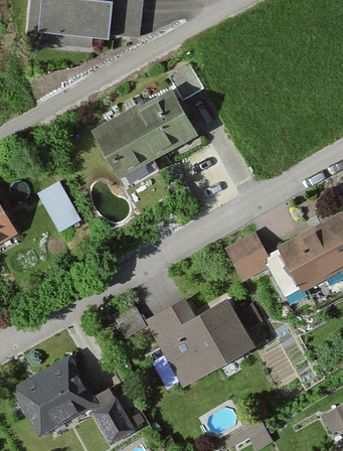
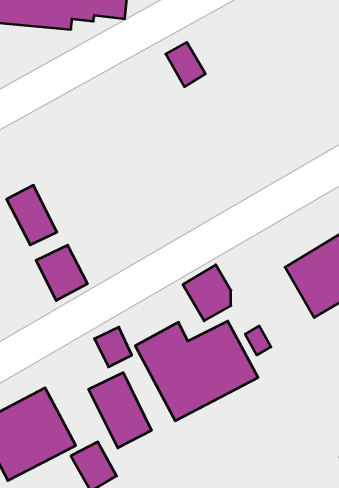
building: [102,88,197,170] -> none
building: [225,233,267,281] -> [183,265,231,321]
building: none -> [36,245,87,301]
building: none -> [89,373,151,448]

